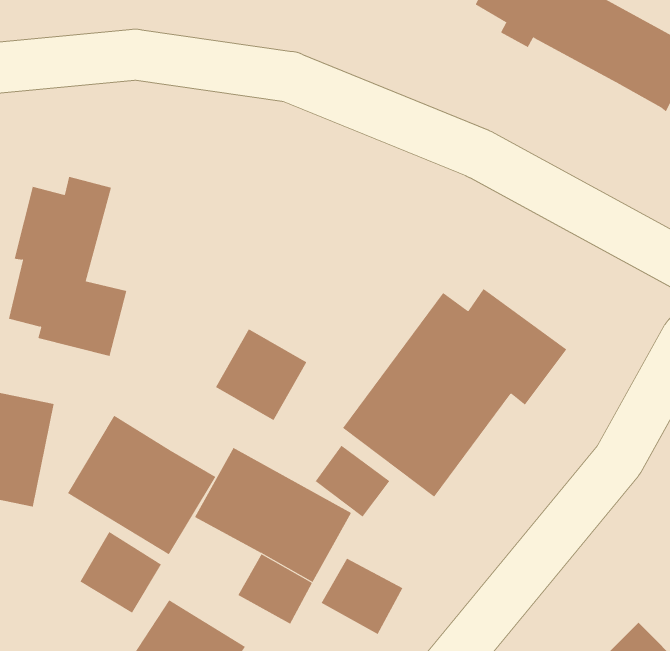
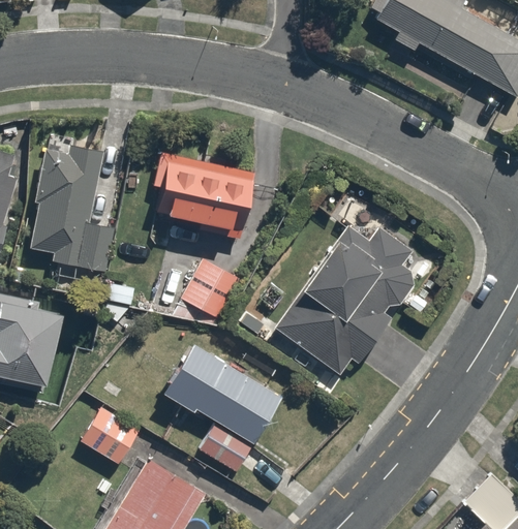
building: none -> [154,151,260,232]
building: [67,415,216,555] -> none
building: [315,445,390,518] -> none
building: [321,558,403,635] -> none

